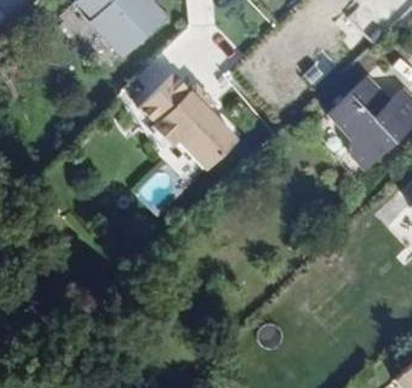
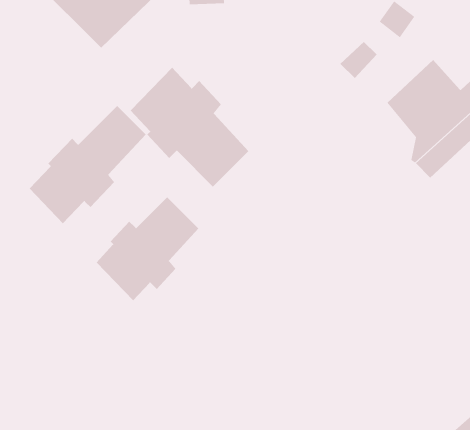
building: none -> [29,105,147,224]
building: none -> [96,196,199,301]

